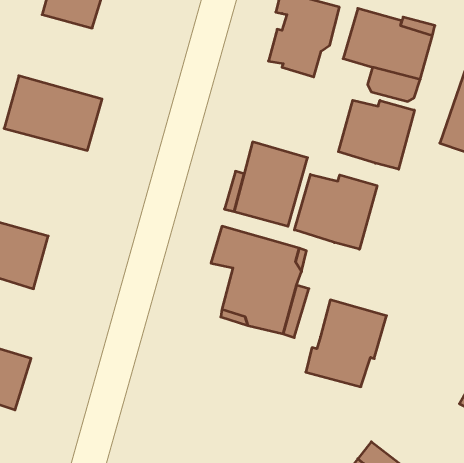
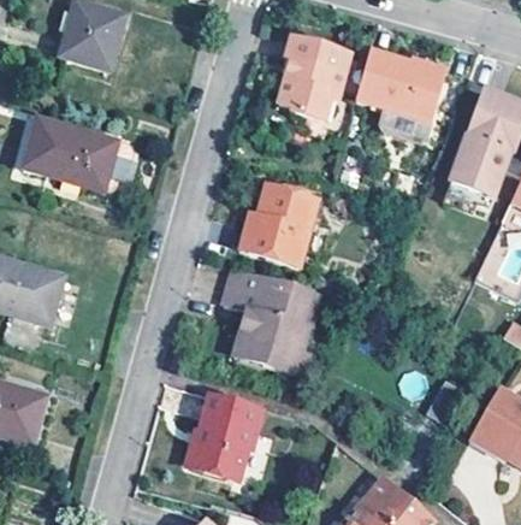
building: [338,100,414,169] -> none
building: [294,174,377,249] -> none
building: [306,300,387,387] -> [183,390,262,476]

